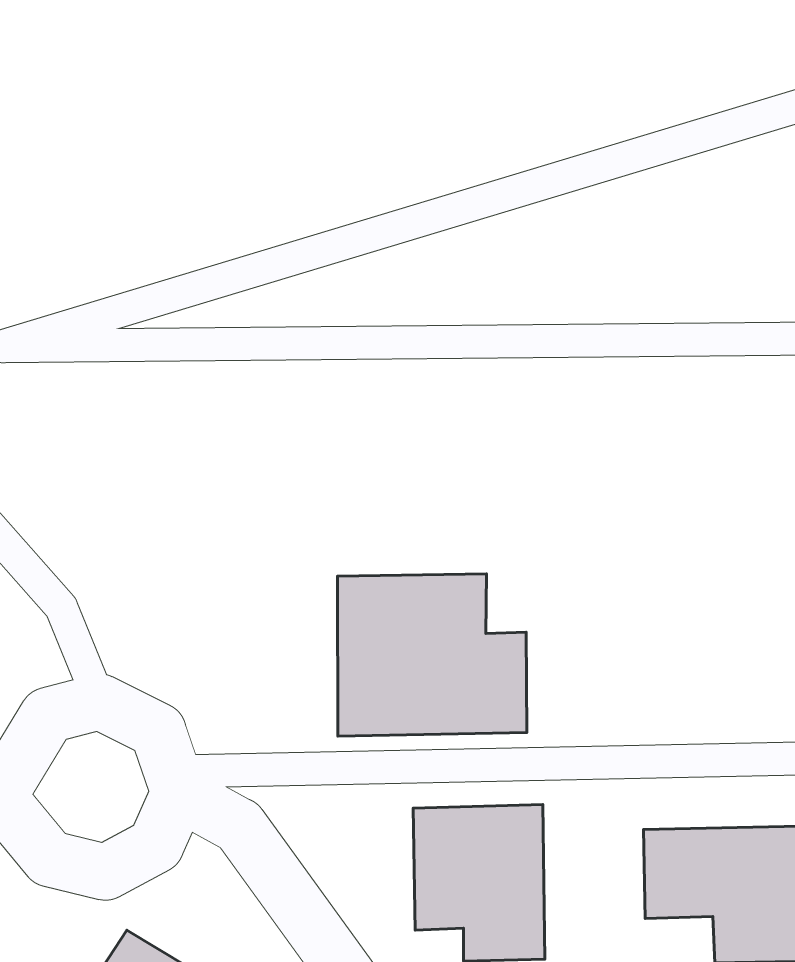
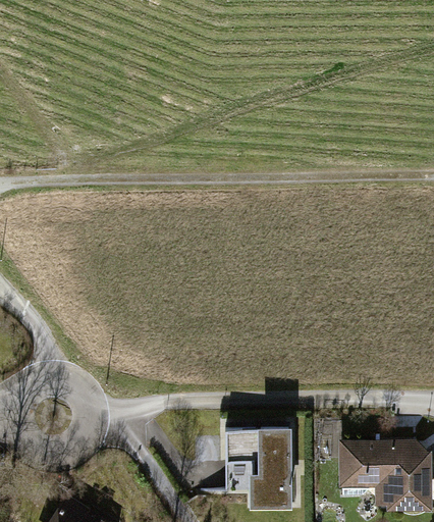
building: [338,574,527,736] -> none

